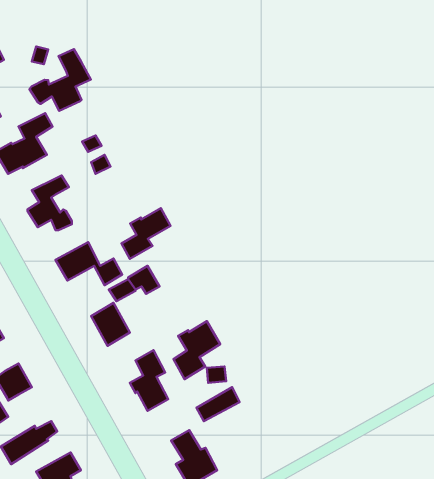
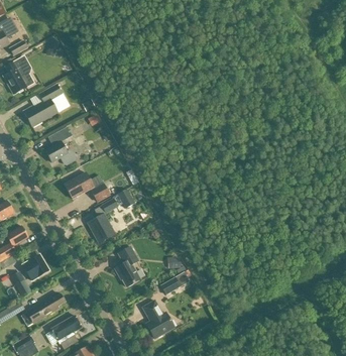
building: [29,49,91,111] -> none
building: [122,208,171,259] -> none
building: [173,321,220,379] -> none

